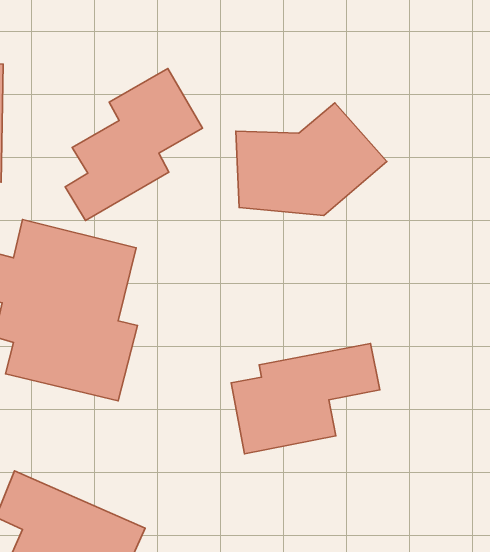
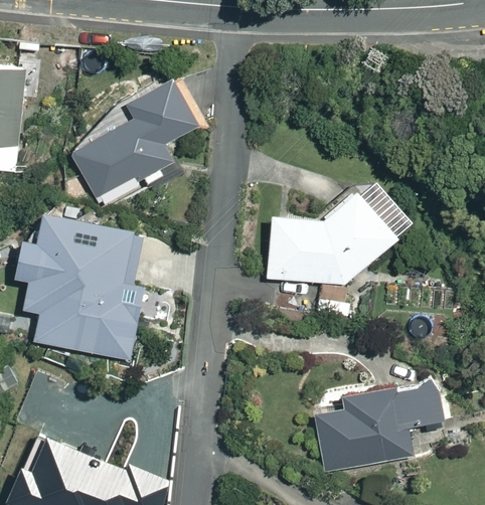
building: [236,103,387,216] -> [266,188,400,289]
building: [231,343,380,454] -> [313,378,446,477]

